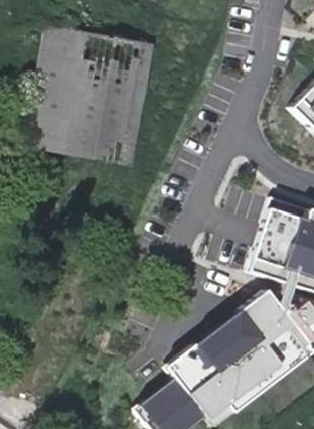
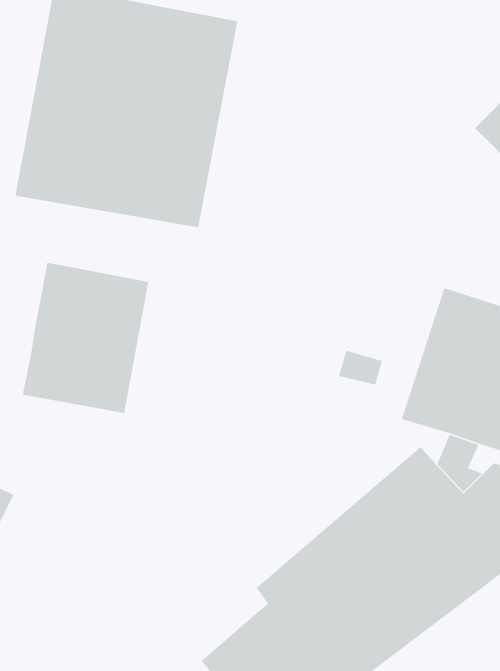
building: none -> [22,262,149,414]

